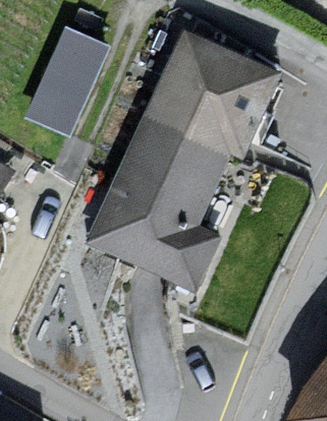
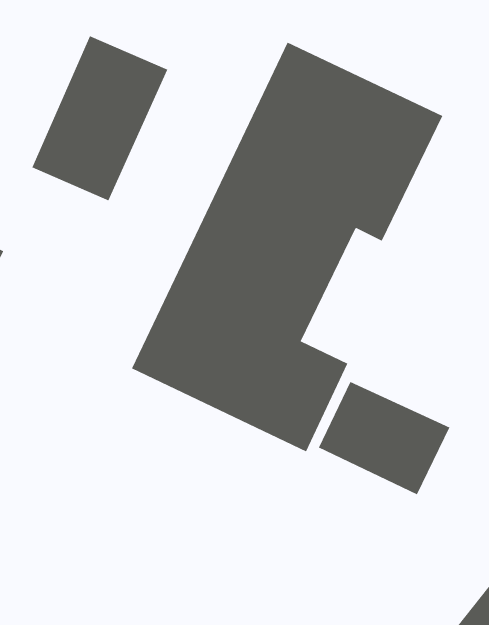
building: none -> [318,381,450,495]

